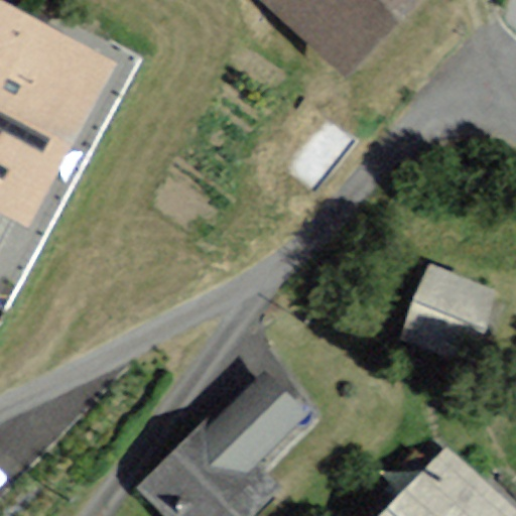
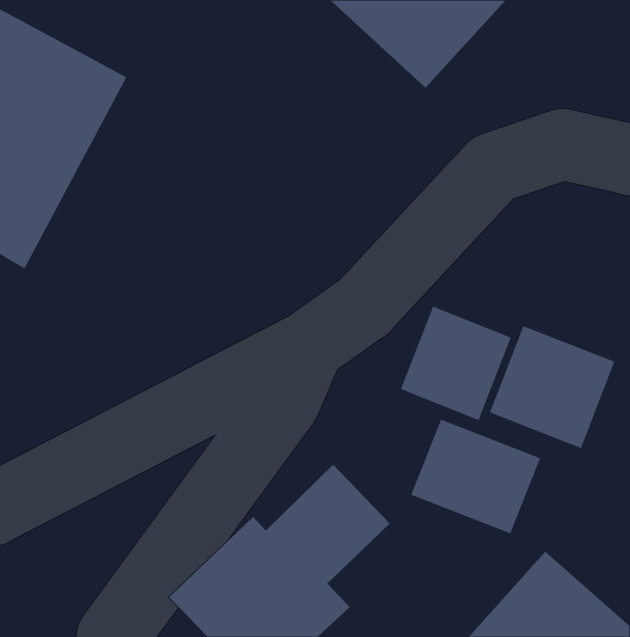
building: none -> [400,306,512,421]
building: none -> [411,419,541,534]

